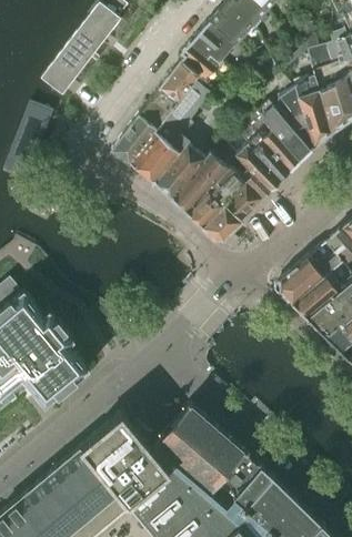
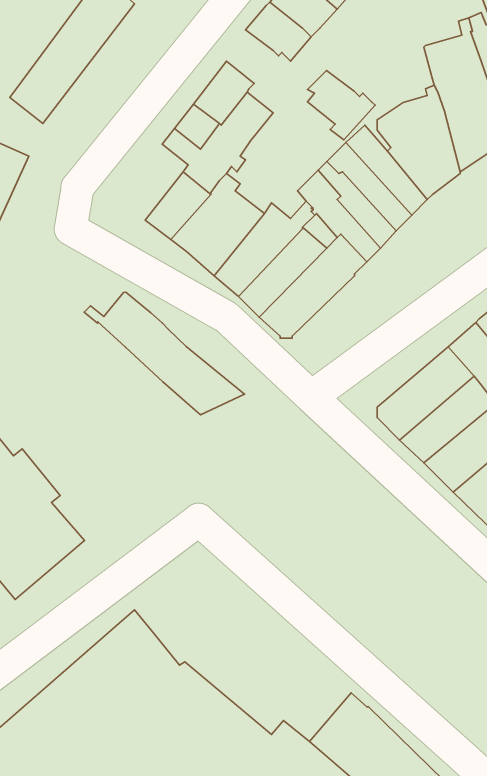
building: [180,41,223,85] -> [308,71,375,140]
building: [110,114,155,163] -> none
building: none -> [84,292,244,415]
building: [153,404,260,497] -> none

